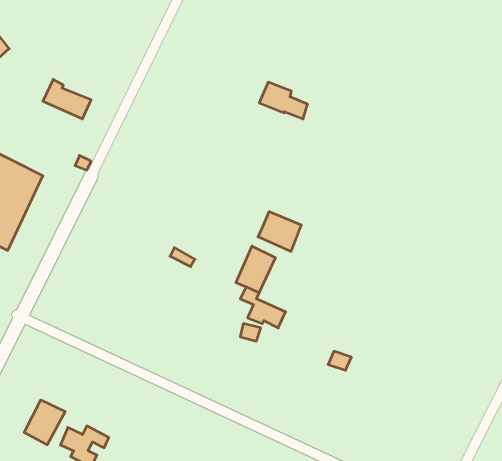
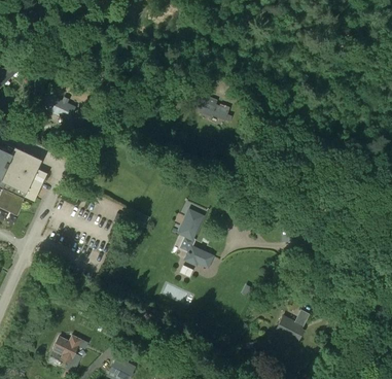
building: [258,212,301,251] -> none
building: none -> [274,316,304,343]
building: [24,400,65,445] -> none

